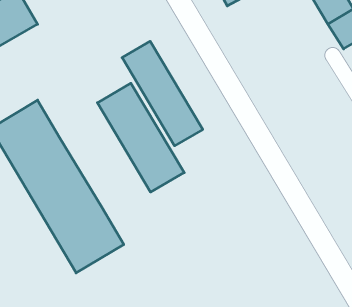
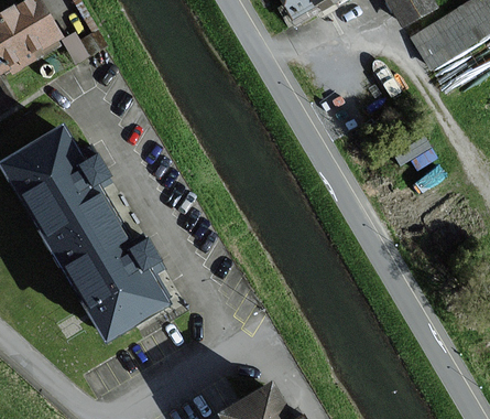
building: [122,41,203,146] -> none
building: [97,83,184,192] -> none

